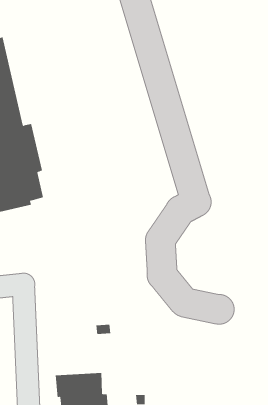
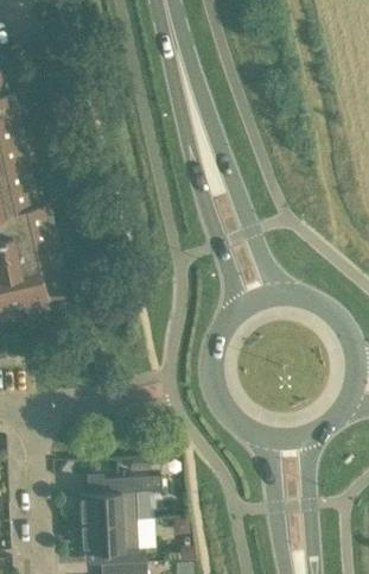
building: none -> [77,478,161,525]

